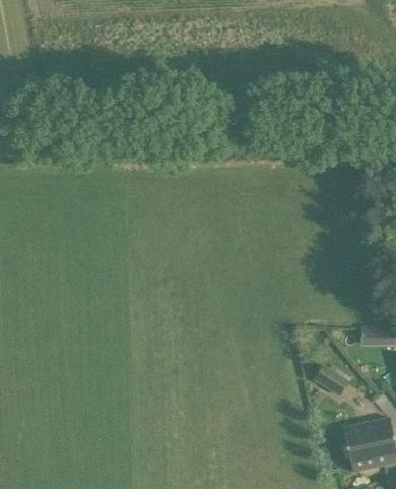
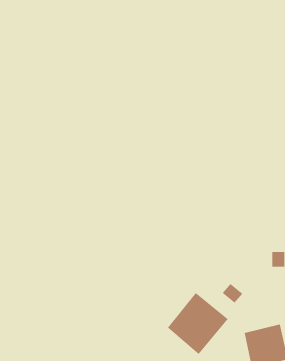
building: none -> [167,292,228,355]

